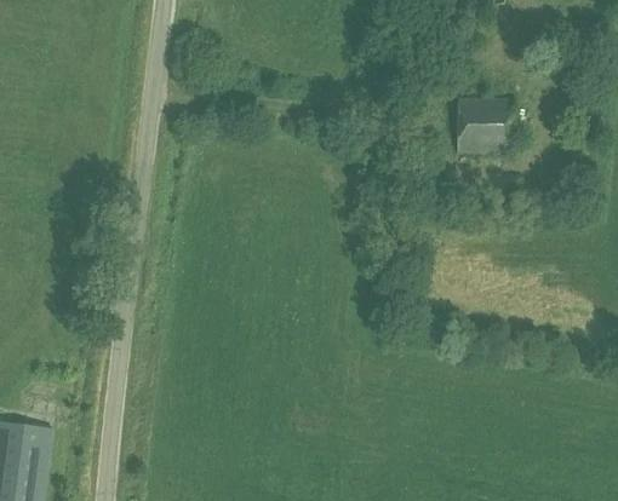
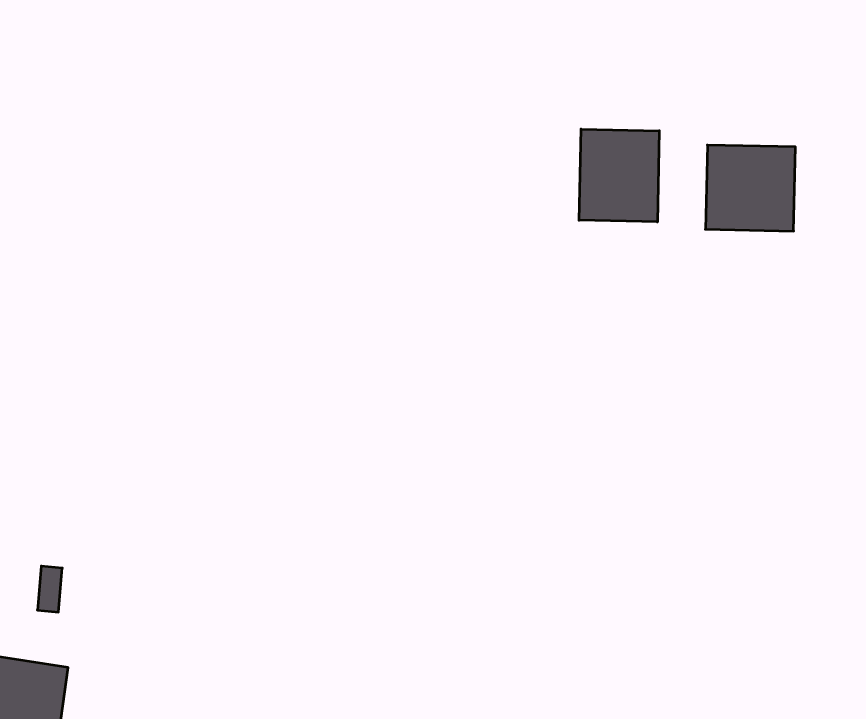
building: none -> [579,129,659,222]

